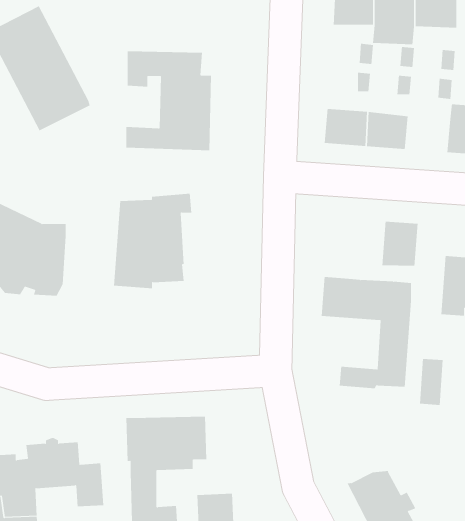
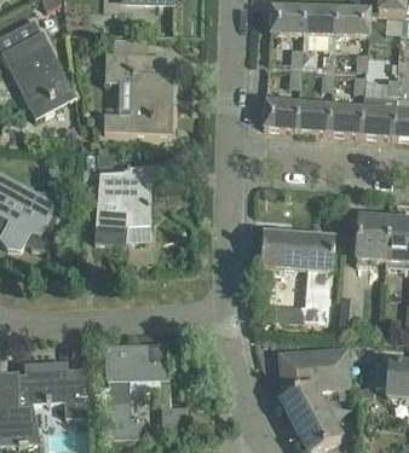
building: none -> [328,104,363,133]
building: [382,221,418,267] -> none
building: none -> [280,347,350,396]

